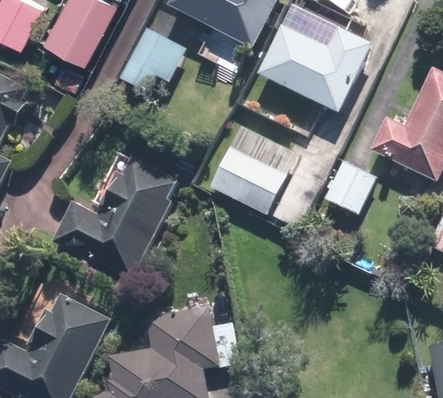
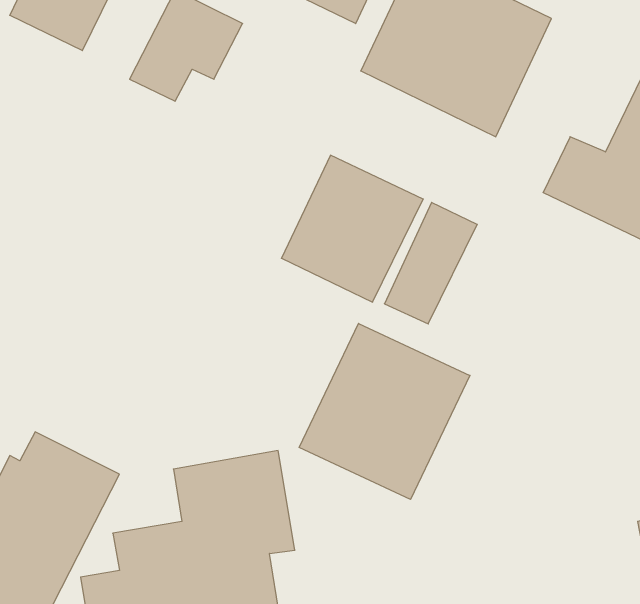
building: [51,157,178,279] -> none
building: [323,160,377,216] -> none
building: none -> [299,323,470,499]

